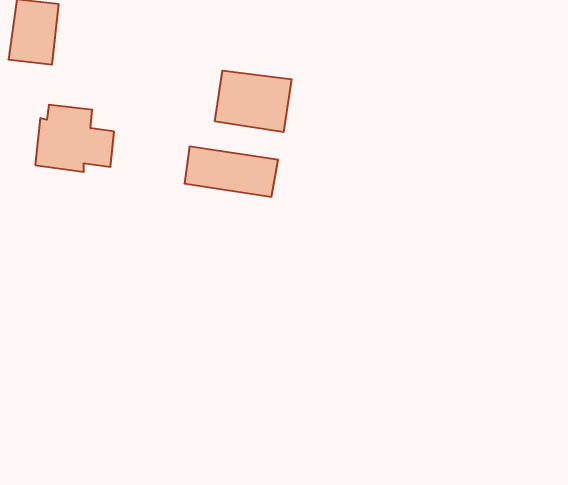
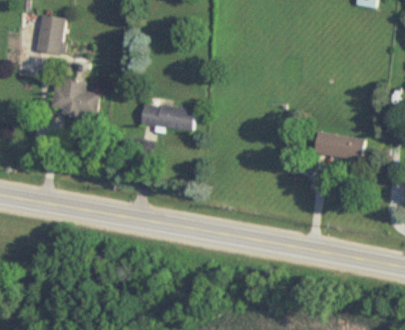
building: [215,71,292,132] -> none
building: none -> [312,131,364,161]

